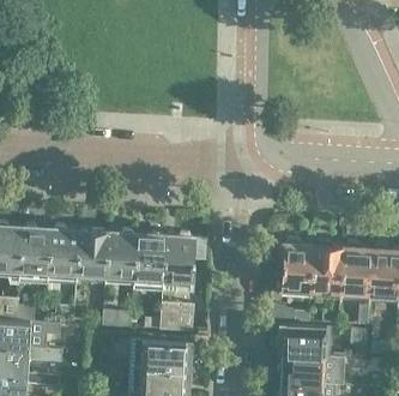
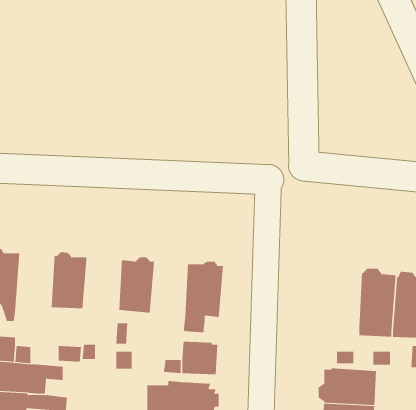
building: [18,226,52,288] -> none
building: [77,230,109,277] -> none
building: [134,233,165,295] -> none
building: [280,240,314,299] -> none

